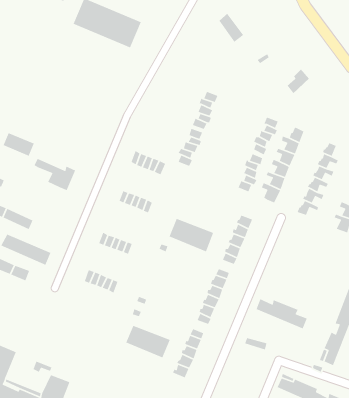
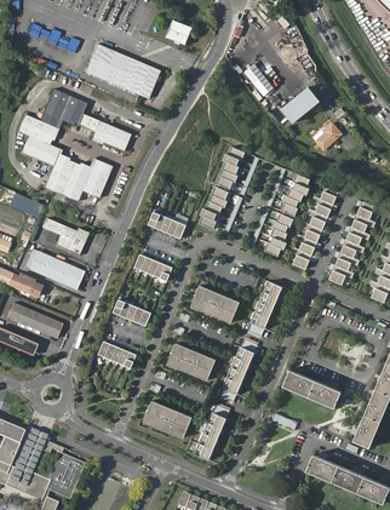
building: none -> [18,87,132,197]
building: none -> [29,252,84,290]
building: none -> [166,342,214,379]

